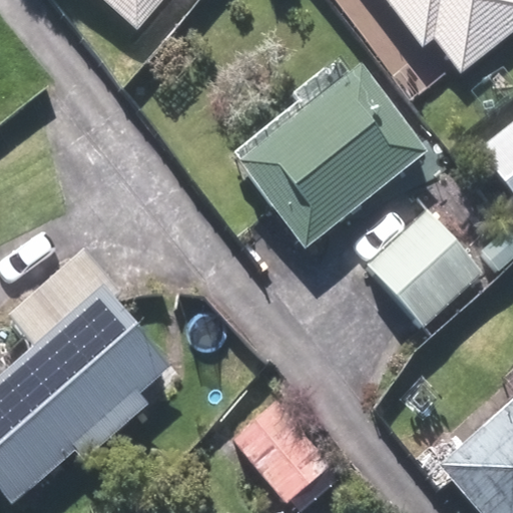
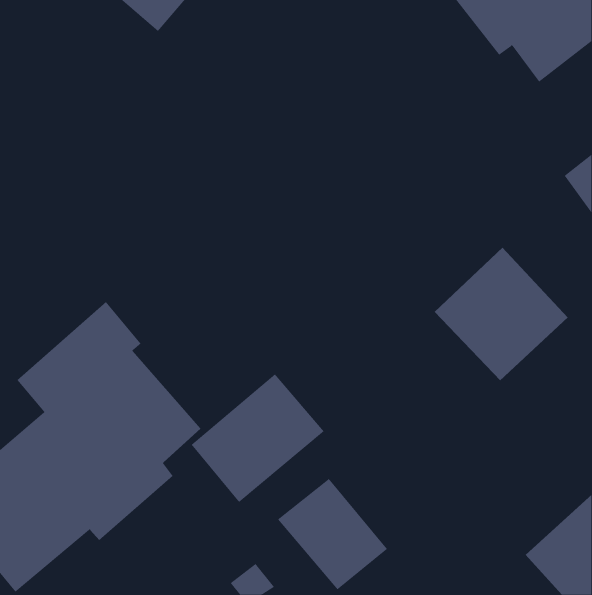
building: [232,60,428,248] -> none
building: none -> [191,374,324,503]

